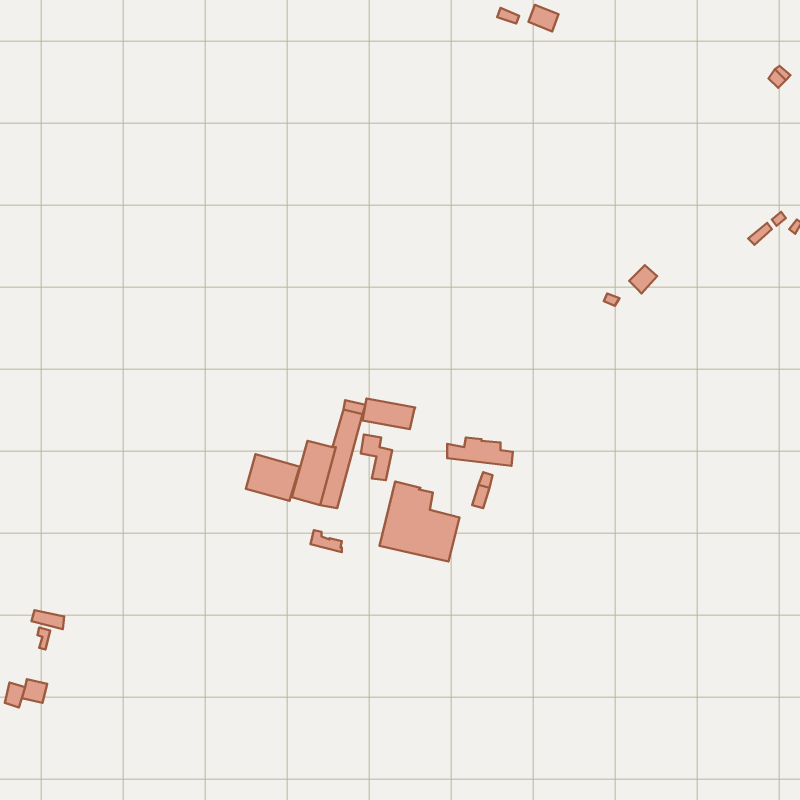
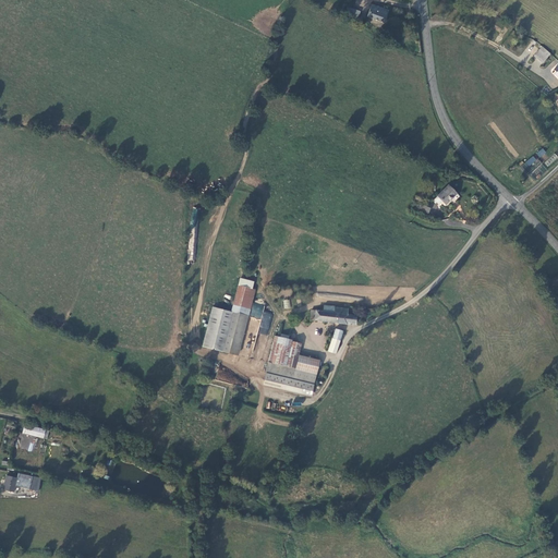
building: [363,398,415,429] -> none
building: [246,454,300,501] -> none

